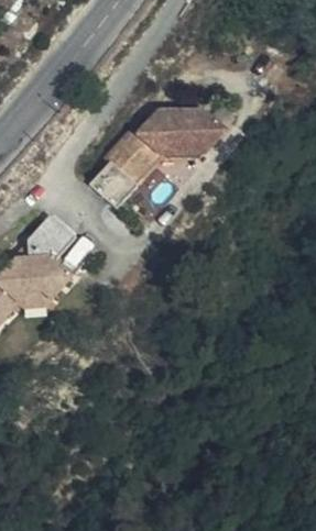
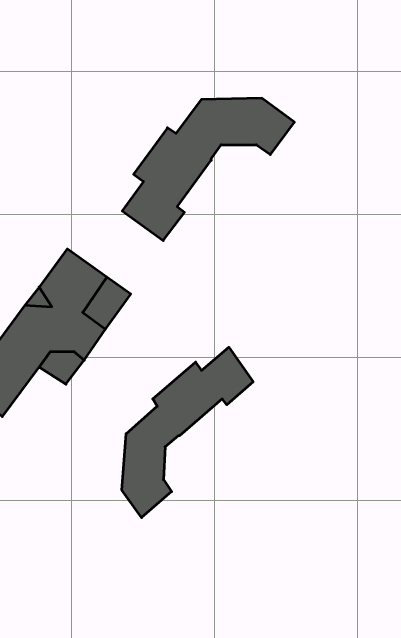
building: none -> [122,347,253,518]

